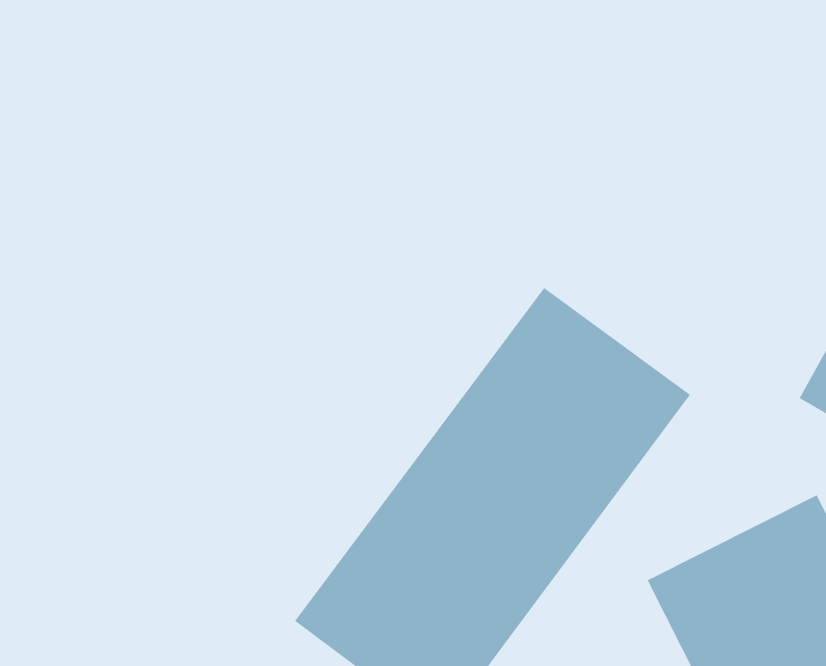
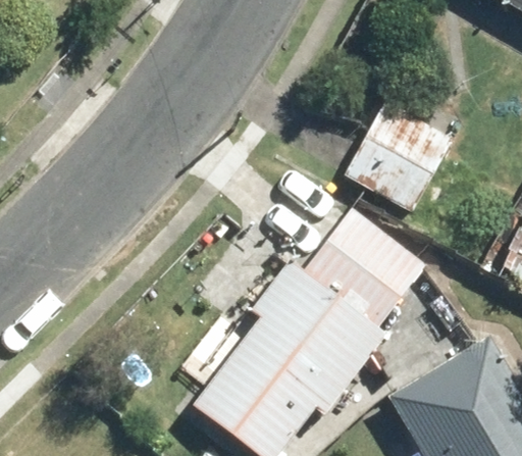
building: none -> [347,108,453,214]

